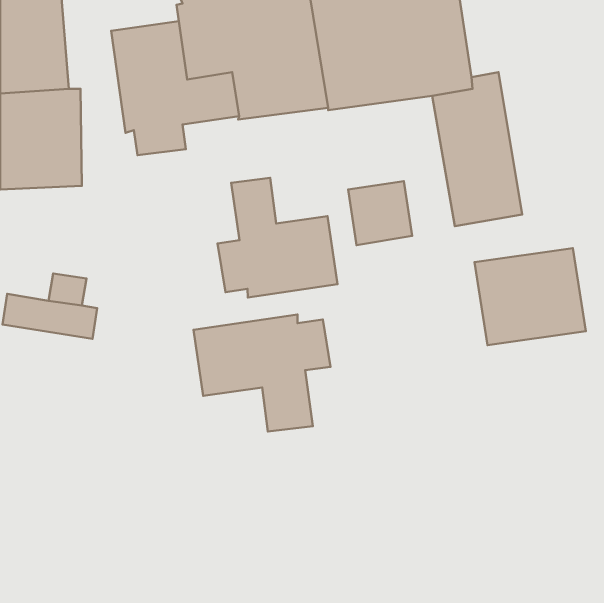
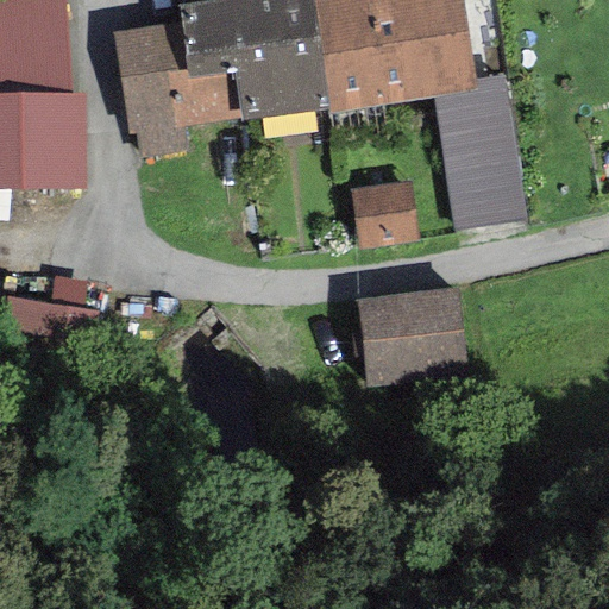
building: [218,178,338,298] -> none
building: [475,248,586,345] -> [356,287,467,384]
building: [194,315,331,432] -> none

